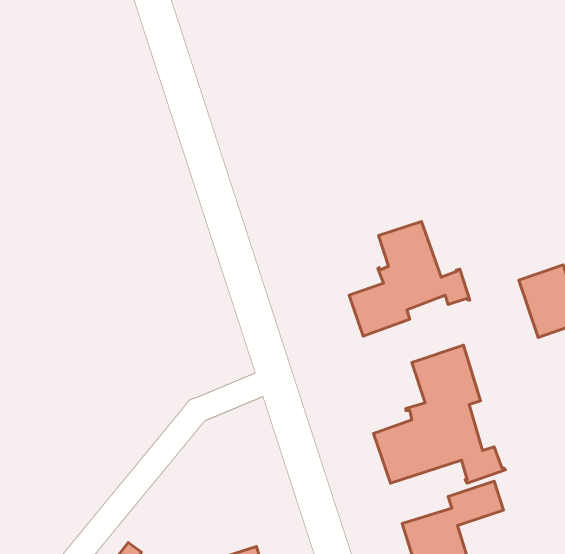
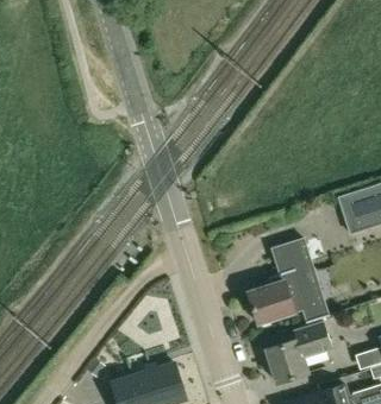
building: [349,221,470,336] -> none

